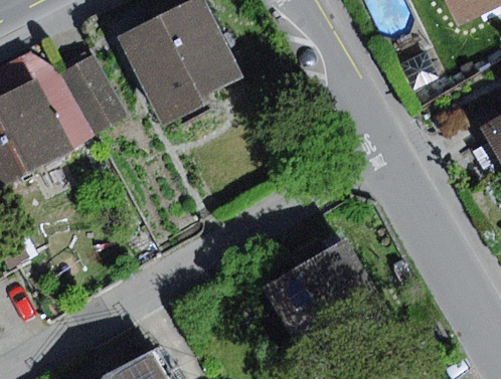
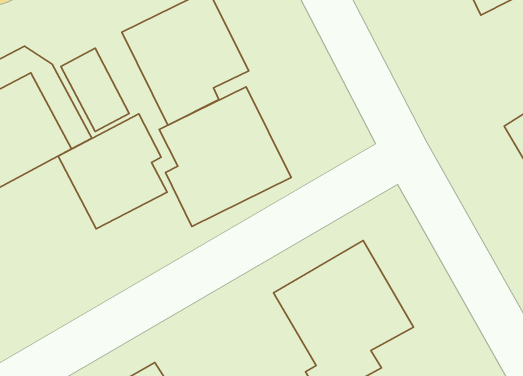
building: none -> [159,87,291,227]
building: none -> [58,114,167,229]

